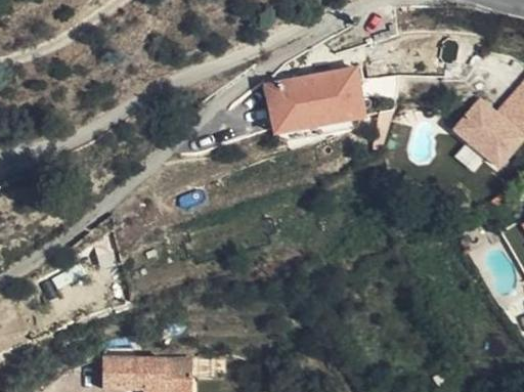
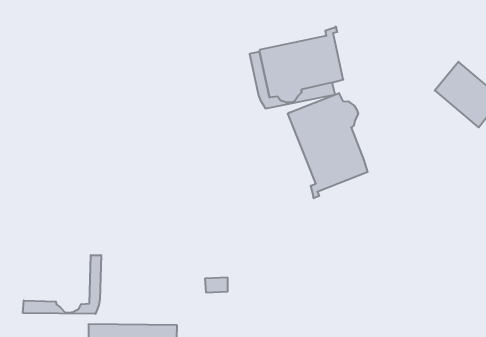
building: none -> [288,93,368,198]
building: none -> [23,255,101,314]

